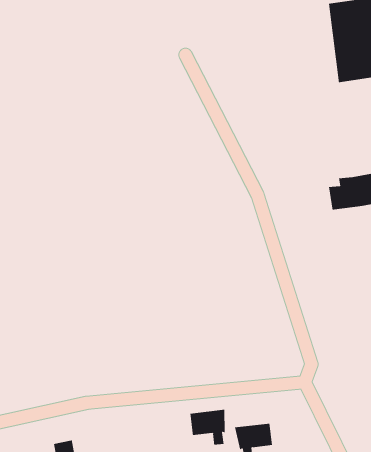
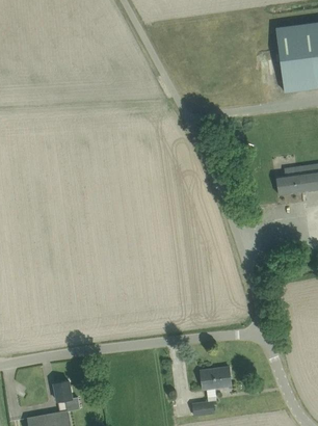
building: [190,409,225,445] -> none

